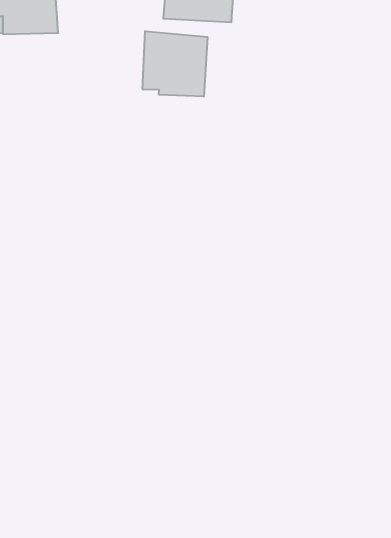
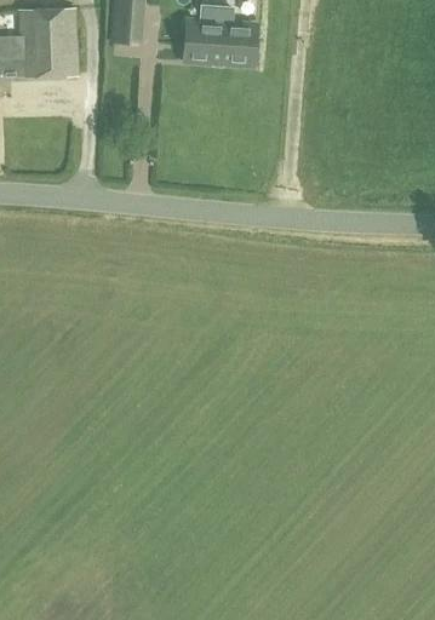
building: [143,31,208,97] -> none

